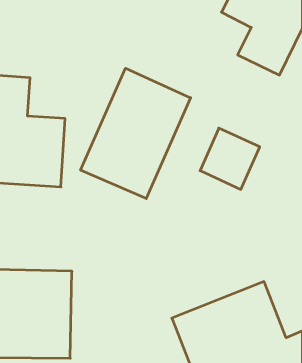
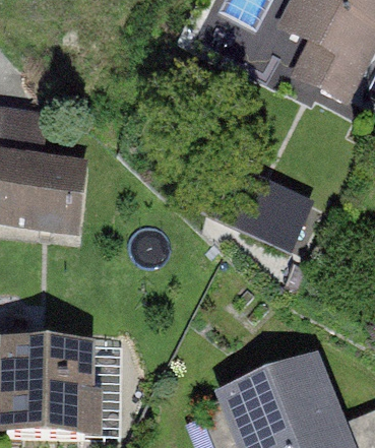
building: [81,68,191,199] -> none

